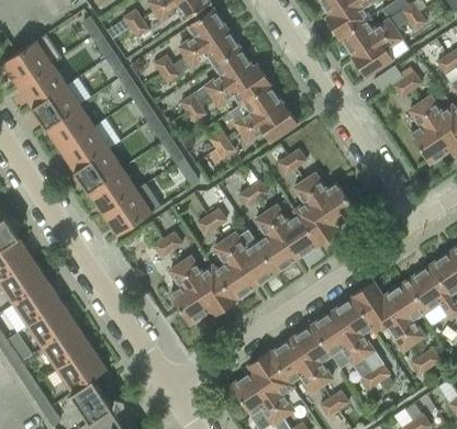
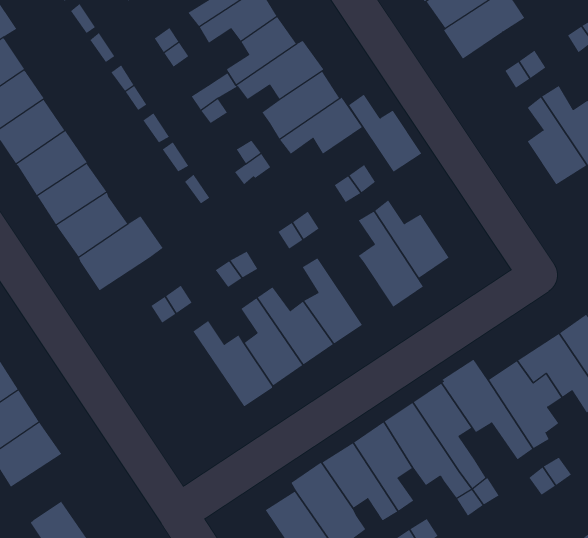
building: [266,204,316,258] -> [348,94,422,173]
building: [169,262,215,324] -> none
building: [56,346,107,391] -> none

